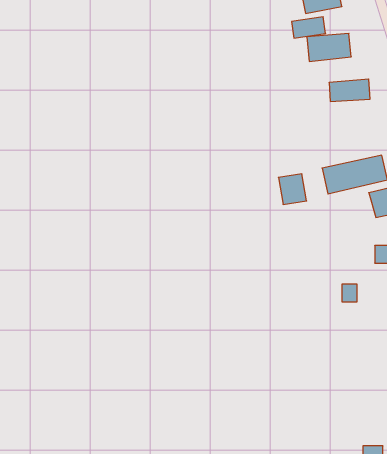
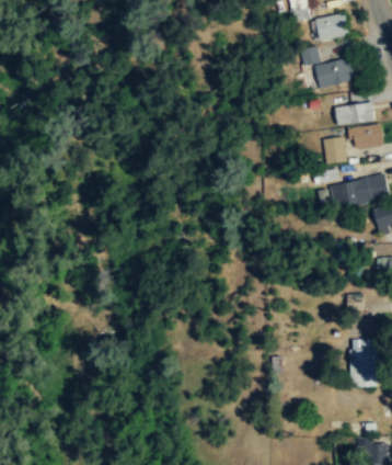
building: none -> [349,125,382,147]
building: [278,174,307,204] -> [322,136,348,165]
building: none -> [350,338,378,387]

